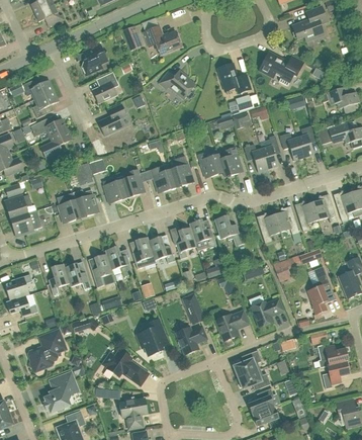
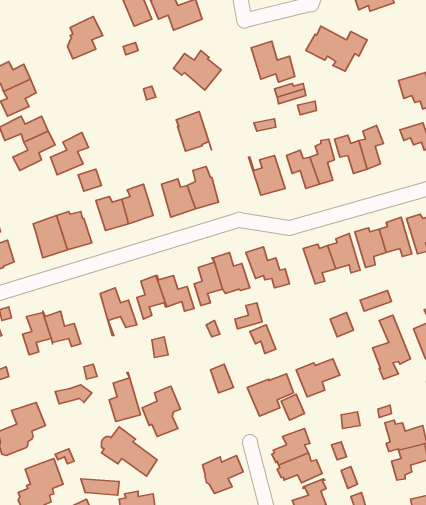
building: [92,73,118,103] -> none
building: [98,104,126,136] -> [50,132,89,175]
building: [198,149,224,178] -> [176,112,212,151]
building: [91,250,114,286] -> [109,372,140,422]
building: [176,326,206,354] -> [202,455,243,494]

